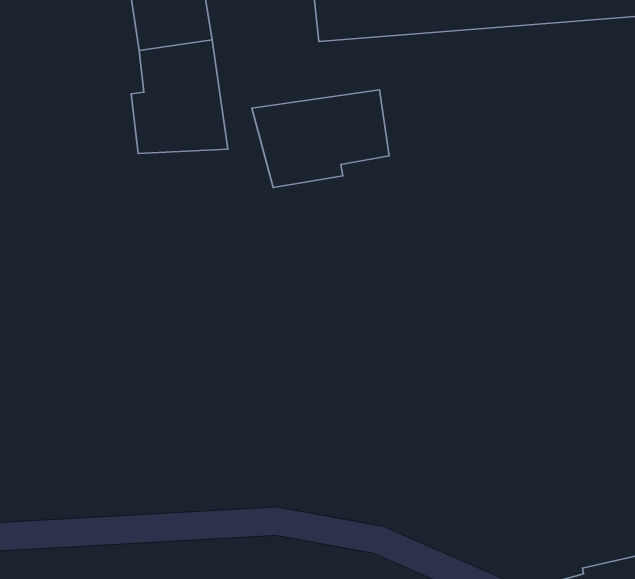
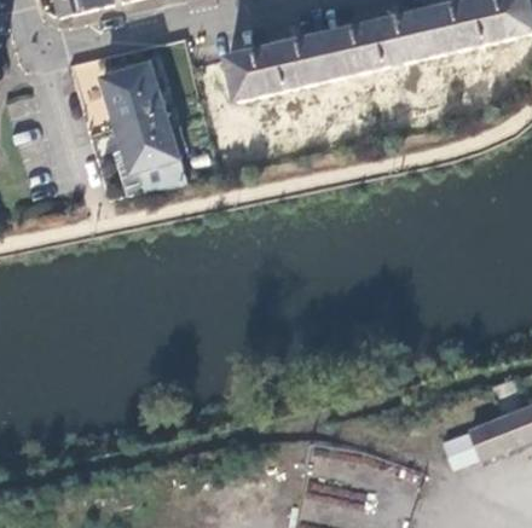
building: [252,90,389,187] -> none

